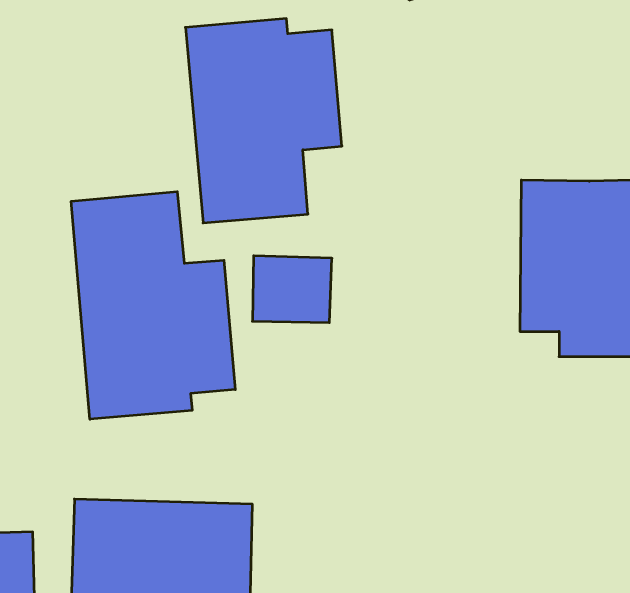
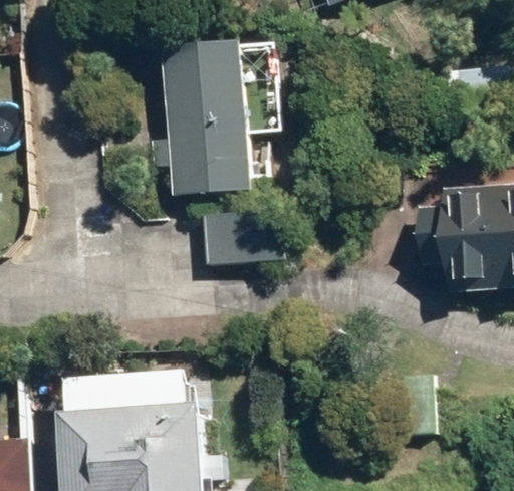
building: [71,192,235,419] -> none

